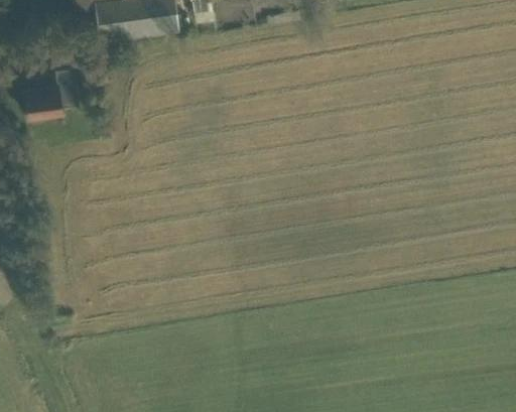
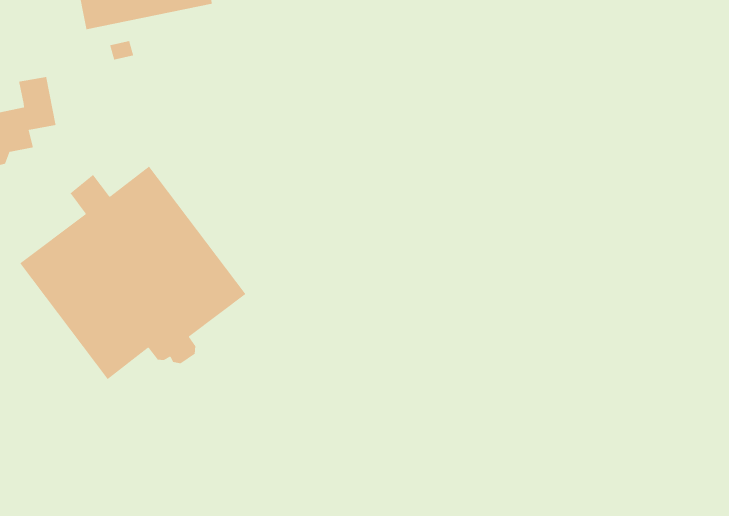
building: none -> [19,165,246,380]

